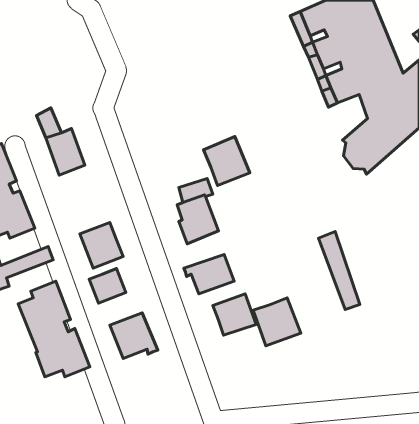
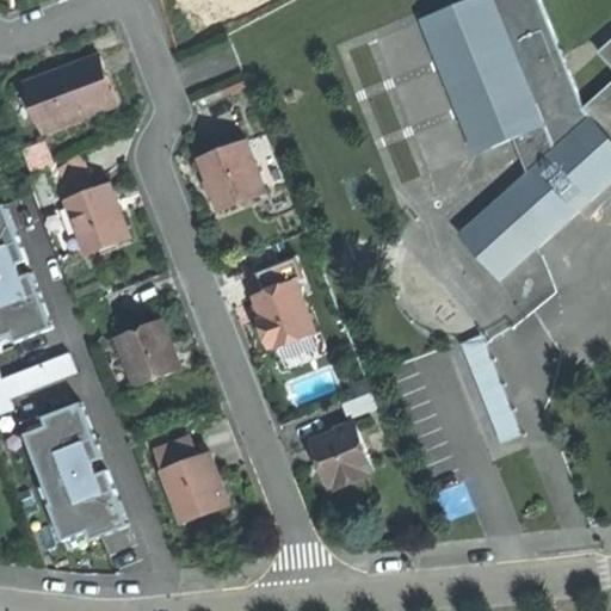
building: none -> [21,56,112,129]
building: [203,136,250,185] -> [196,138,263,209]
building: none -> [456,202,526,279]
building: [184,254,234,294] -> none
building: [89,269,126,303] -> none
building: [253,298,301,346] -> none

